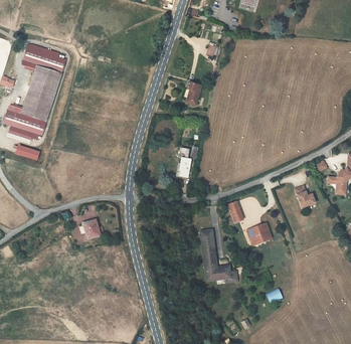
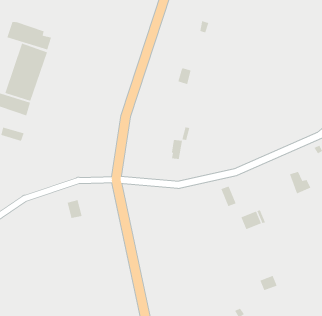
building: [200,229,231,281] -> none

